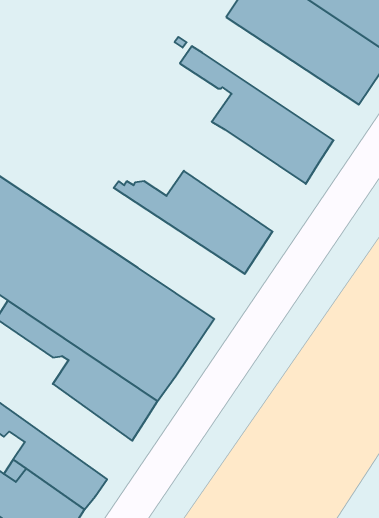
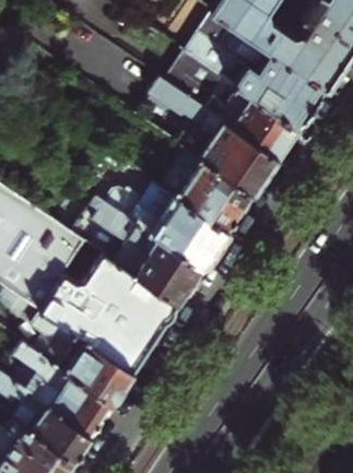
building: none -> [172,55,301,156]
building: none -> [164,147,257,232]
building: none -> [93,196,207,304]
building: none -> [17,343,114,436]

